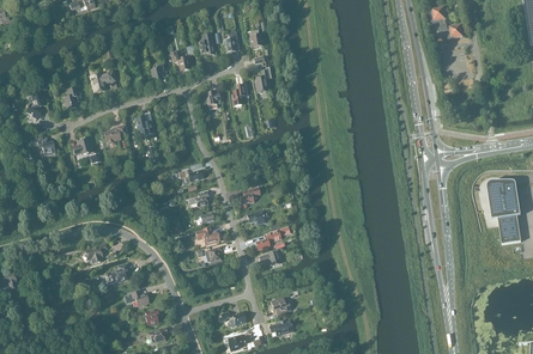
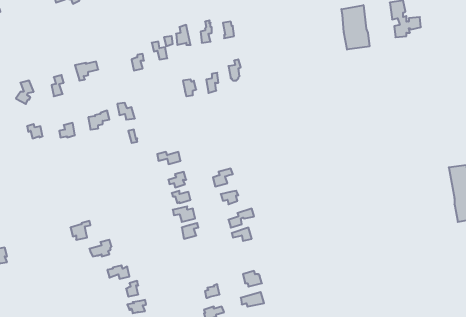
building: none -> [341,5,369,50]

